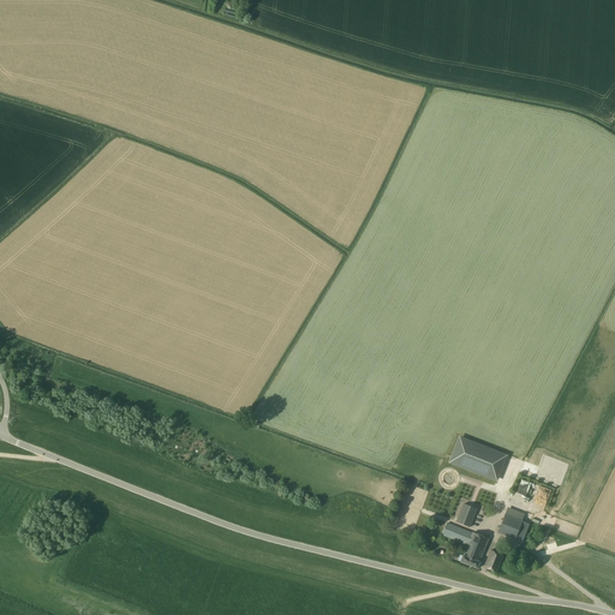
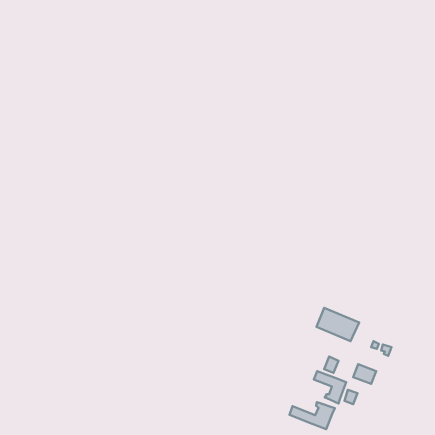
building: none -> [289,402,335,429]

